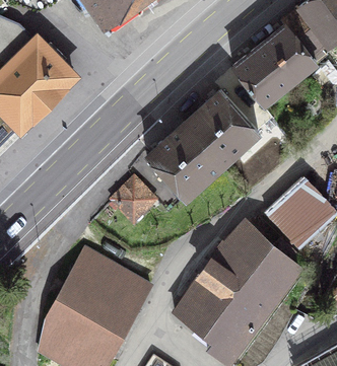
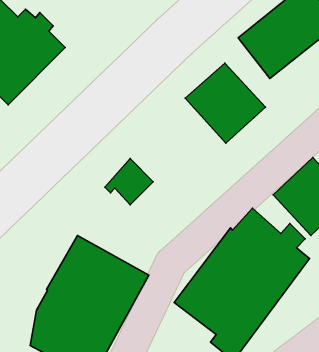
building: [147,124,221,199] -> none

